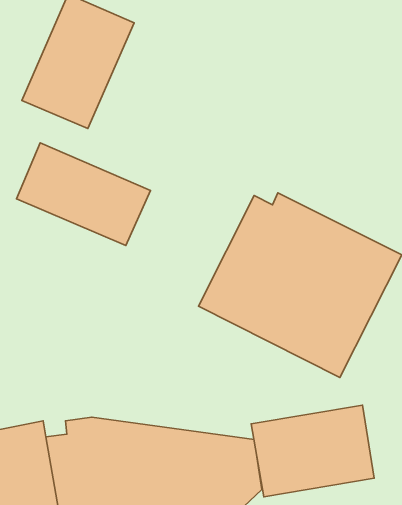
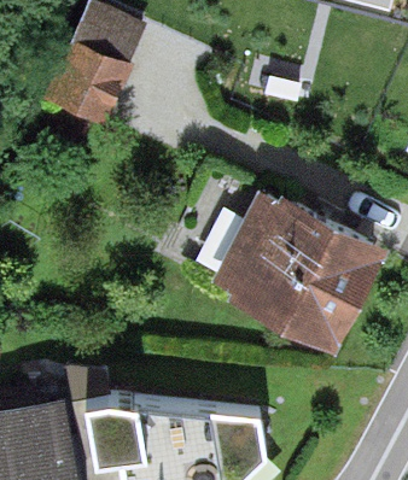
building: [16,143,151,246] -> none
building: [251,405,374,497] -> none

